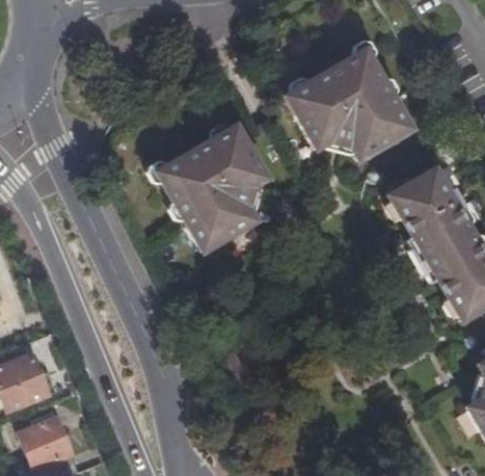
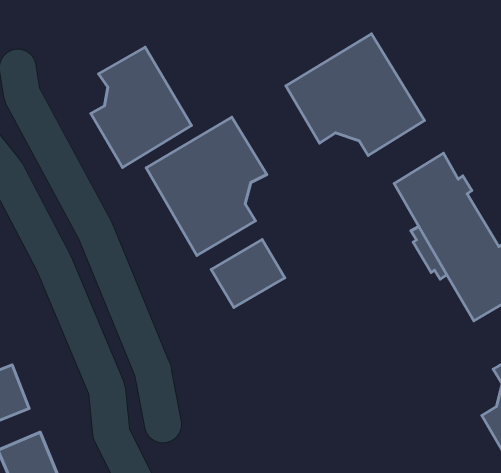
building: none -> [91,47,191,167]
building: none -> [211,240,285,307]

